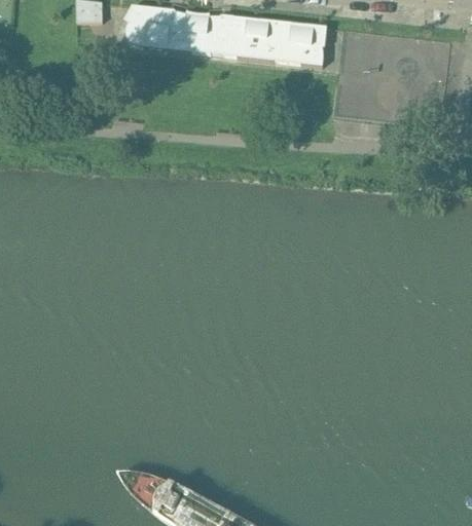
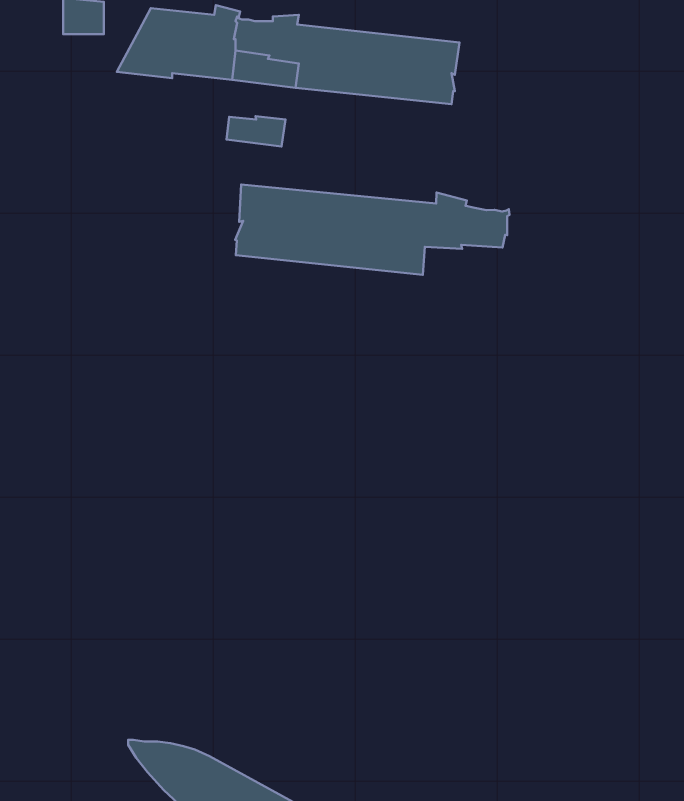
building: none -> [226,116,285,146]
building: none -> [235,184,509,275]

